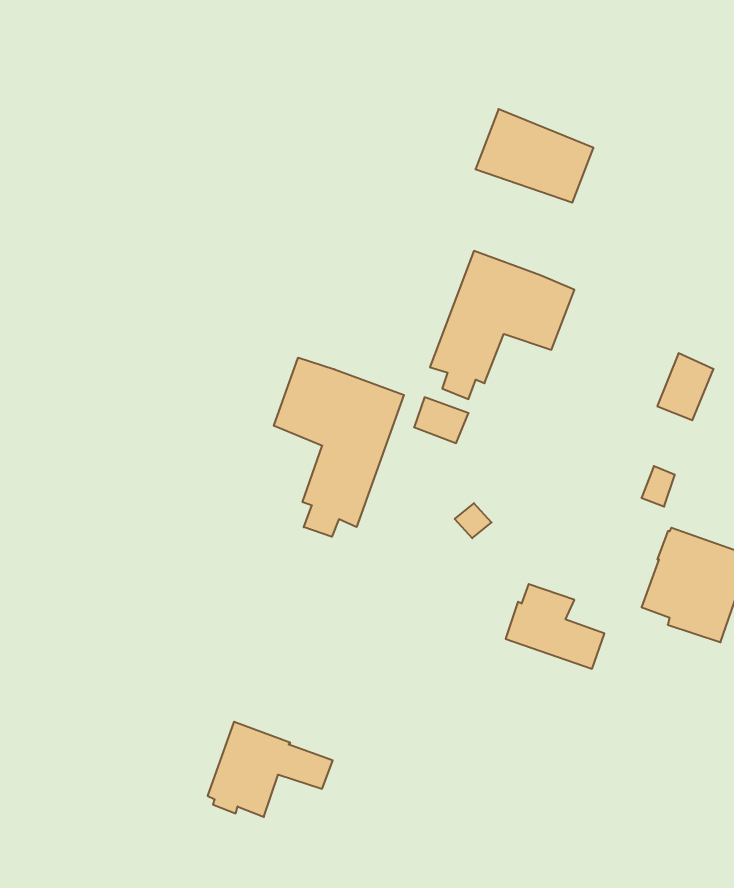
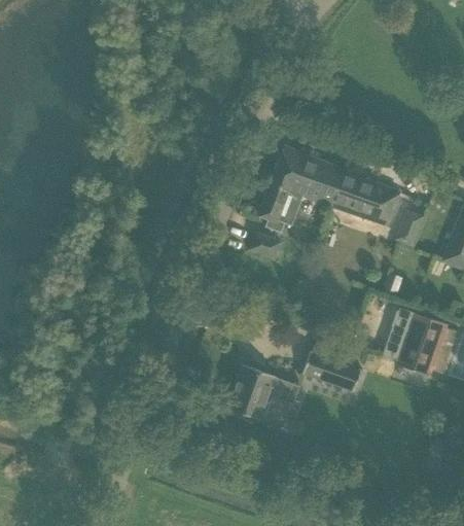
building: [475,109,594,203] -> [330,171,399,225]
building: [274,358,404,537] -> none
building: [208,722,333,817] -> [227,365,300,421]

